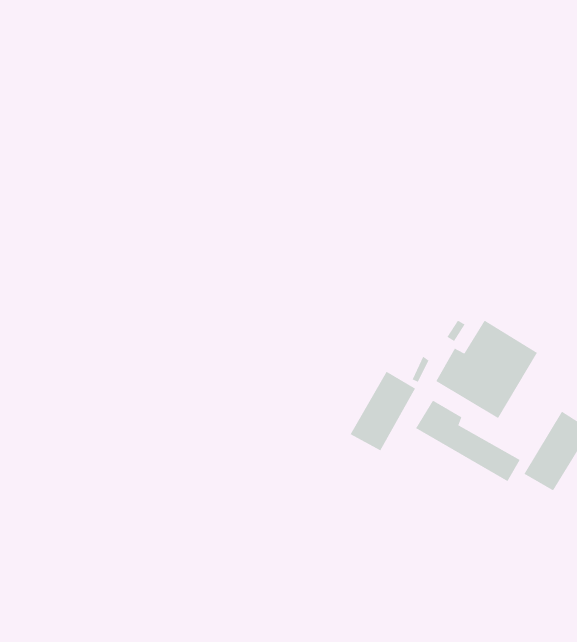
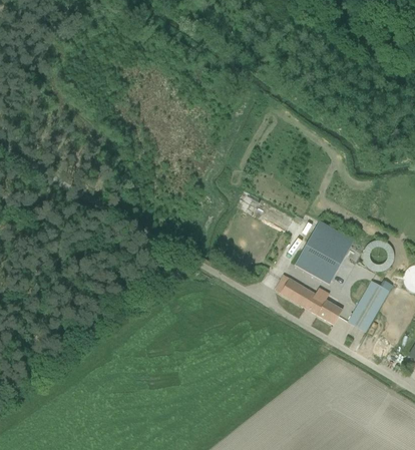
building: [350,371,416,451] -> none

